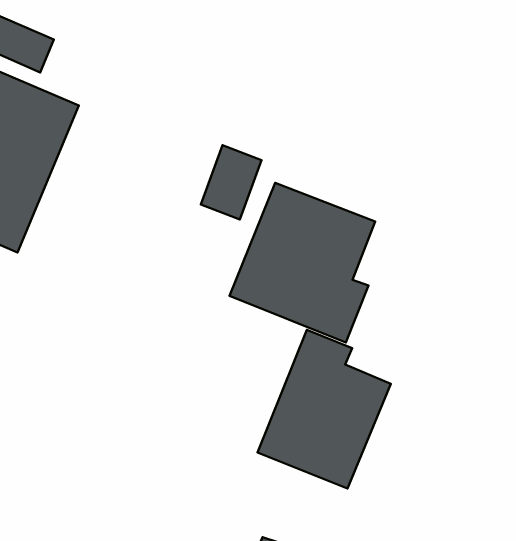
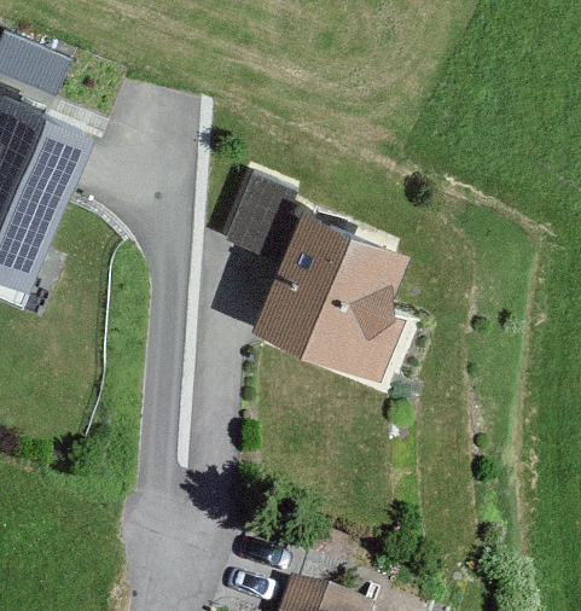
building: [258,330,391,488] -> none

